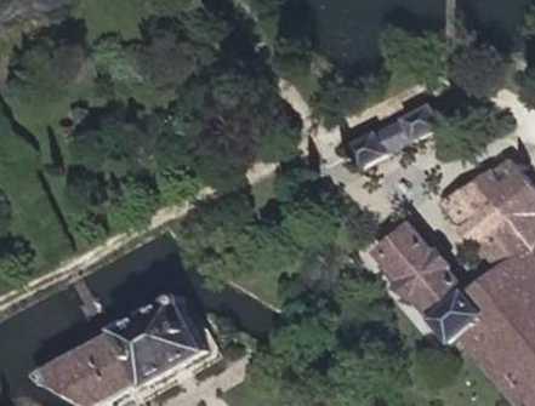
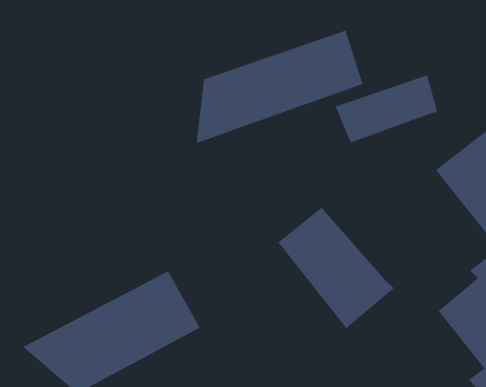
building: none -> [196,30,363,144]
building: [369,223,480,339] -> [278,207,394,329]

